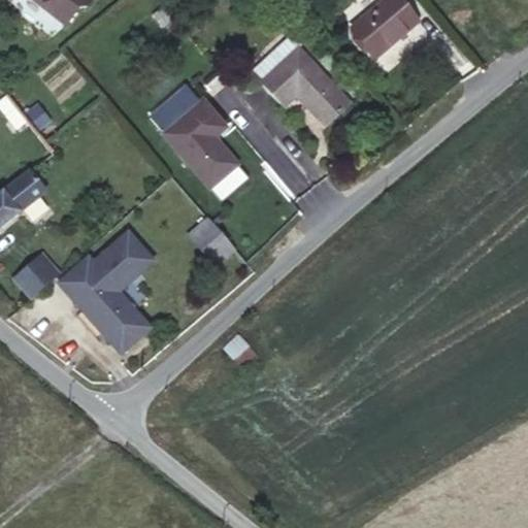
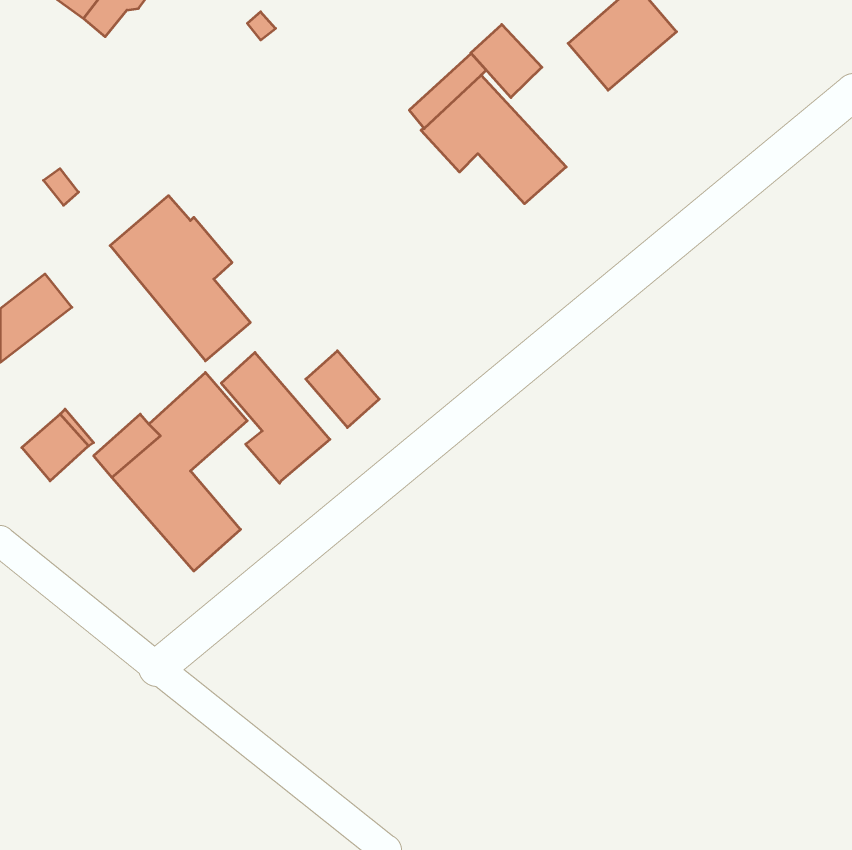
building: none -> [471,24,542,98]
building: [151,85,237,187] -> [110,196,250,361]
building: none -> [221,352,330,483]

